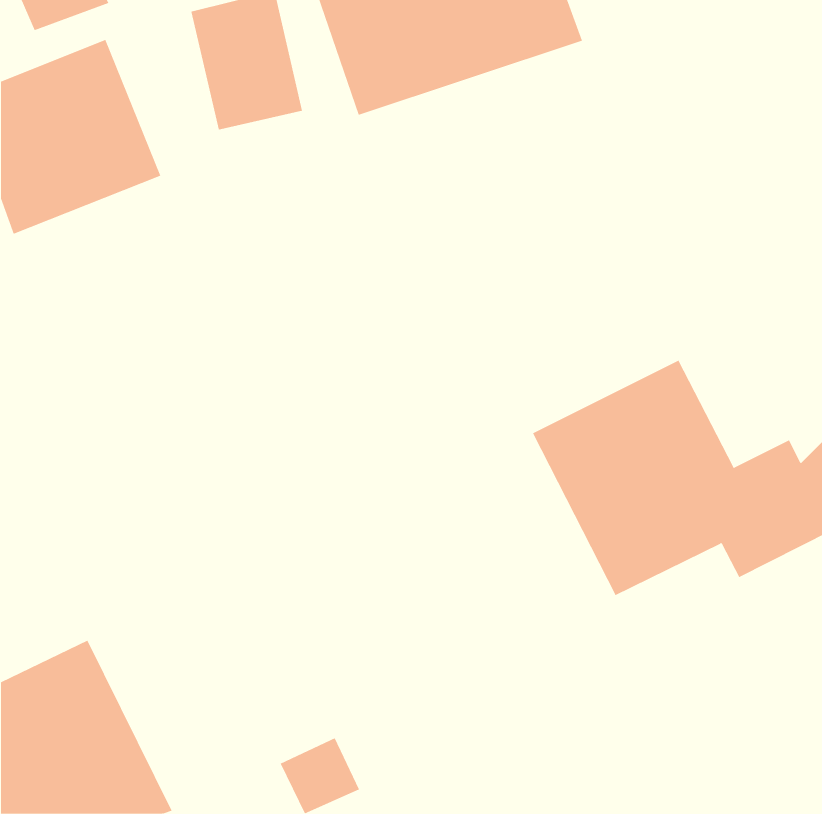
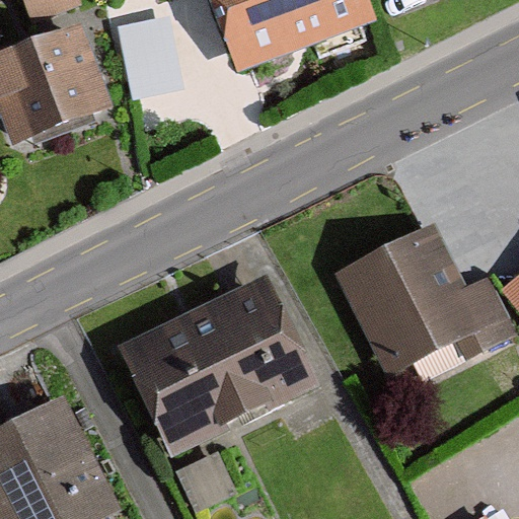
building: none -> [119,279,313,450]

